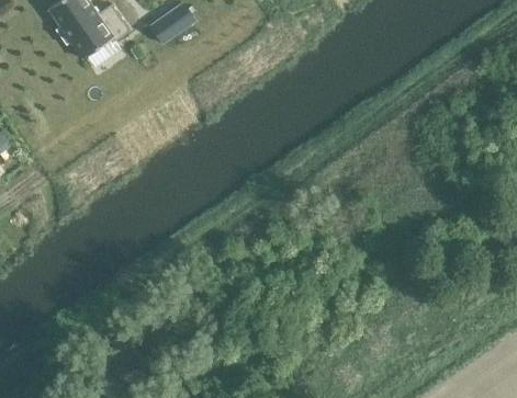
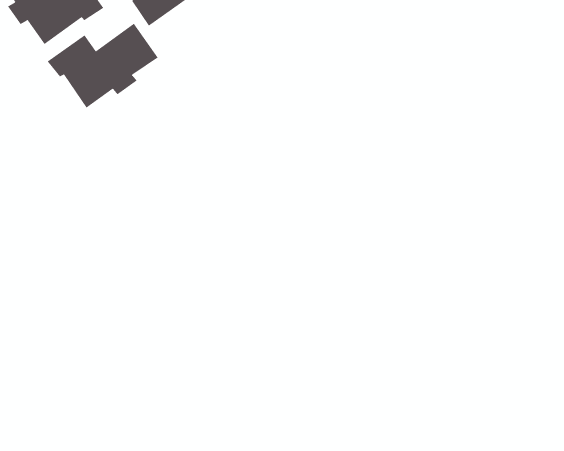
building: none -> [47,23,159,108]

